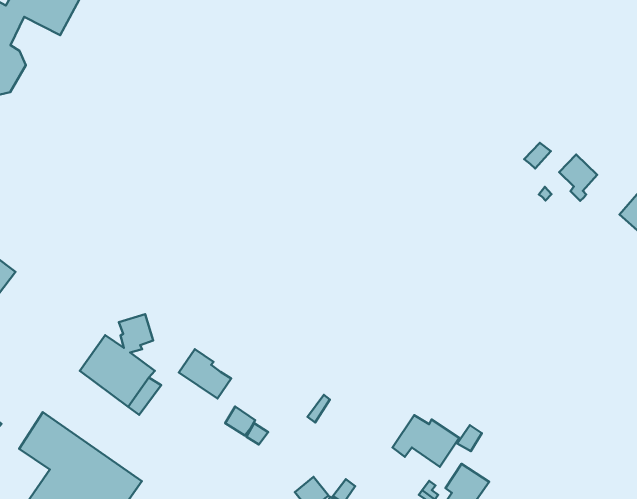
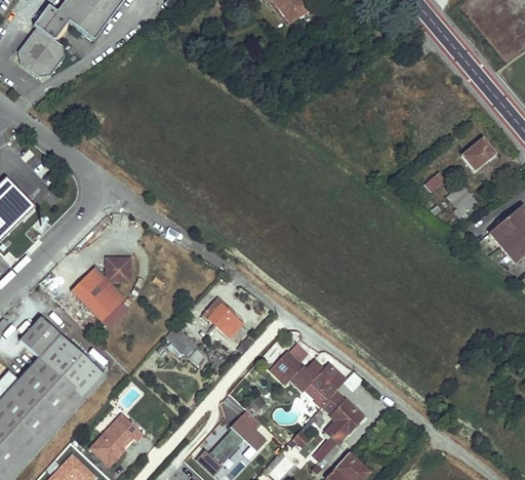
building: none -> [461,136,494,168]
building: [179,349,231,399] -> [203,296,241,335]
building: none -> [269,349,315,382]

